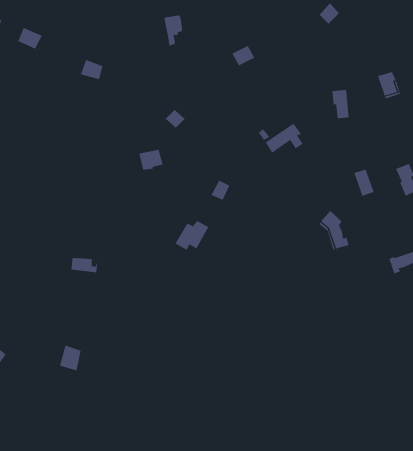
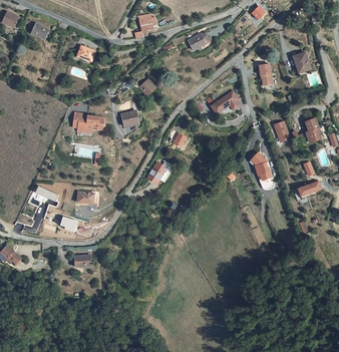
building: none -> [72,111,102,131]

